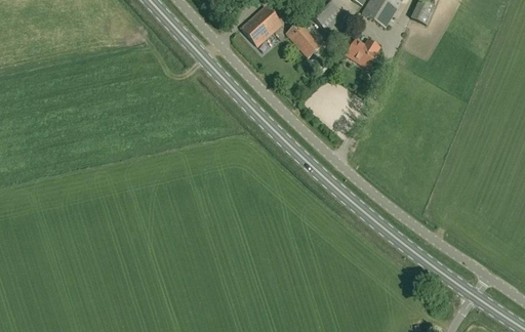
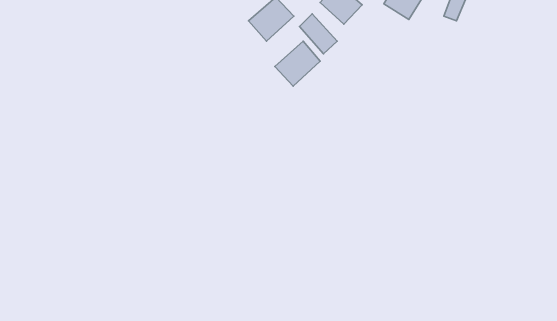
building: [347,38,379,67] -> none
building: none -> [275,41,320,86]

